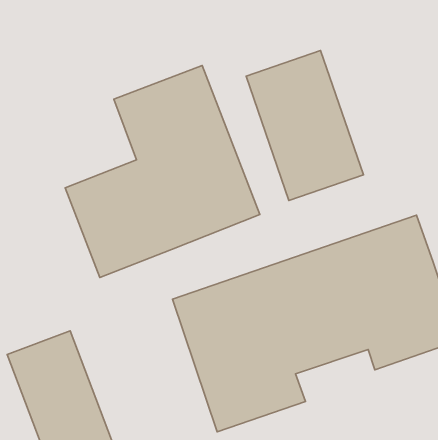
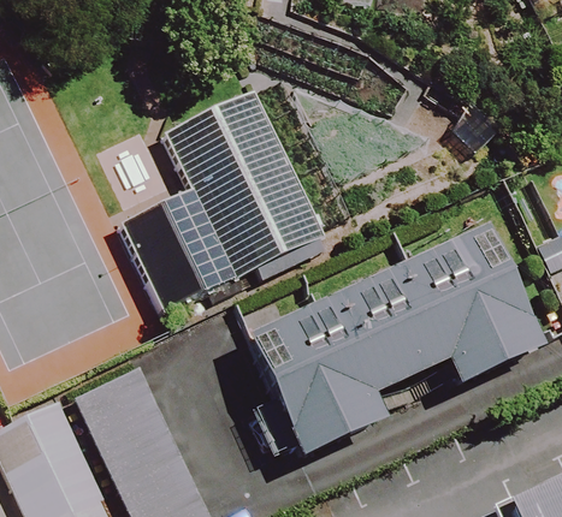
building: [246,50,363,200] -> none

